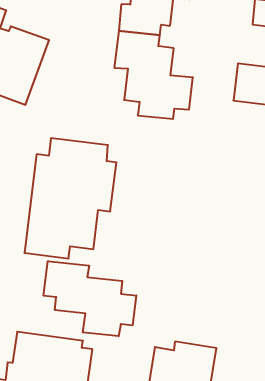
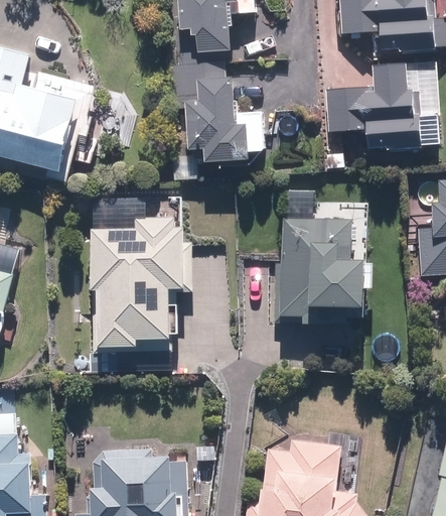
building: none -> [271,192,373,325]
building: [44,261,136,336] -> none

